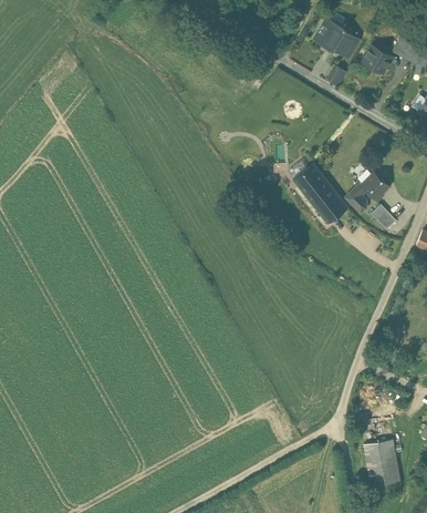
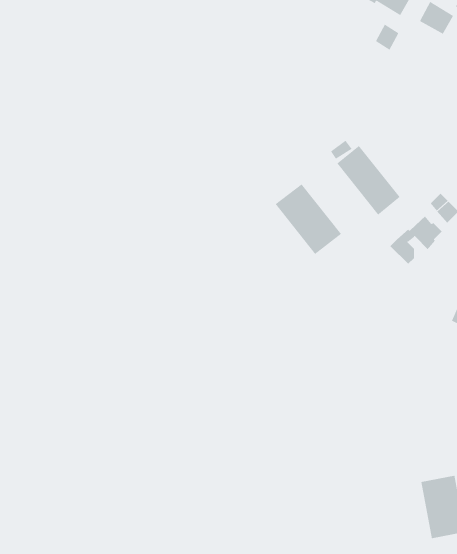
building: [345,173,389,214] -> [389,215,443,265]
building: none -> [275,183,342,255]

